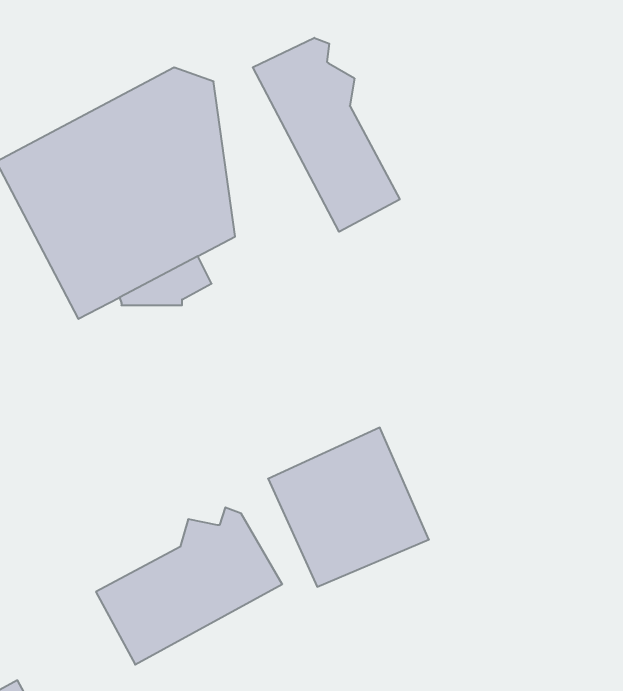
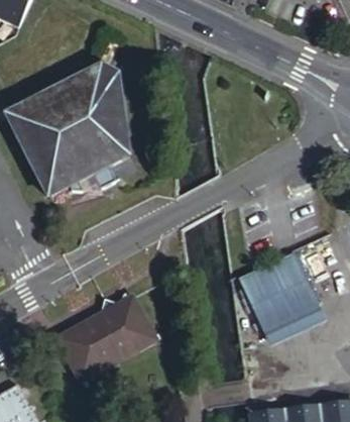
building: [253,38,400,232] -> none
building: [268,428,429,587] -> [236,250,319,332]

